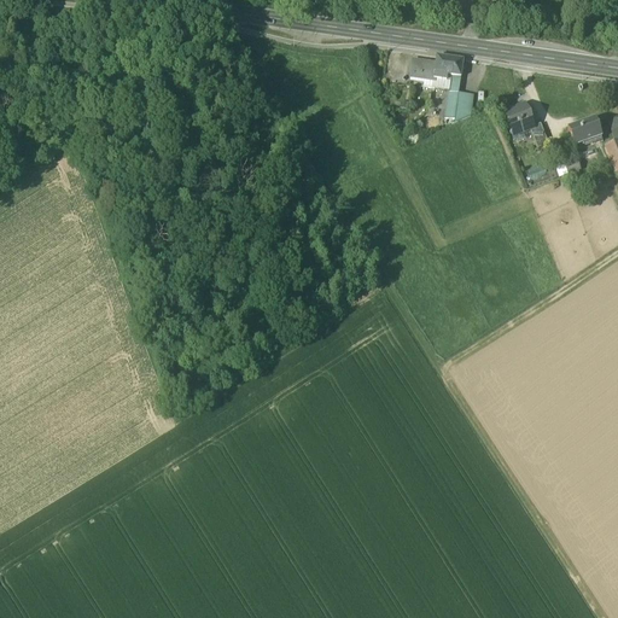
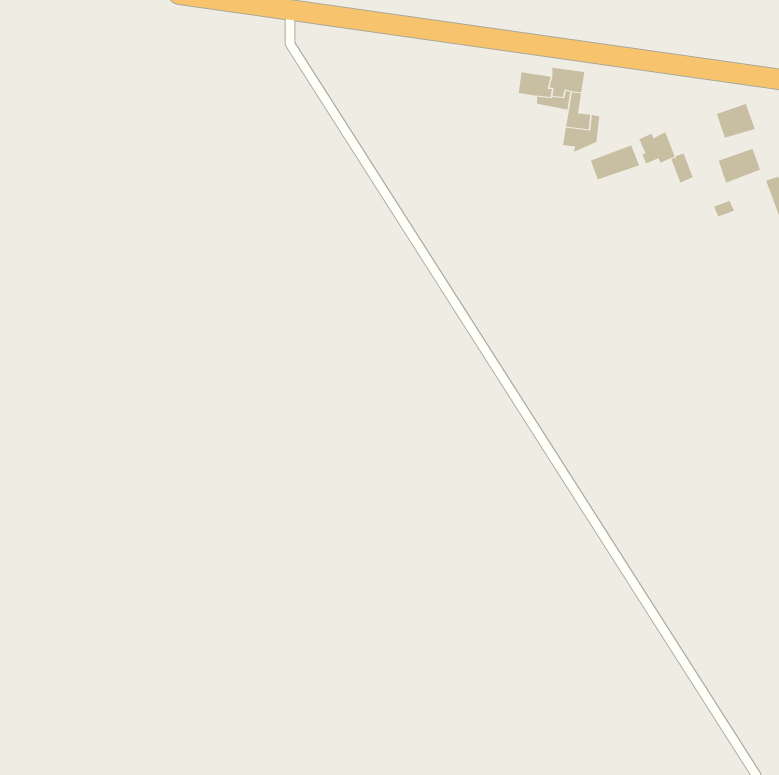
building: none -> [716,103,756,139]
building: none -> [590,145,640,180]

